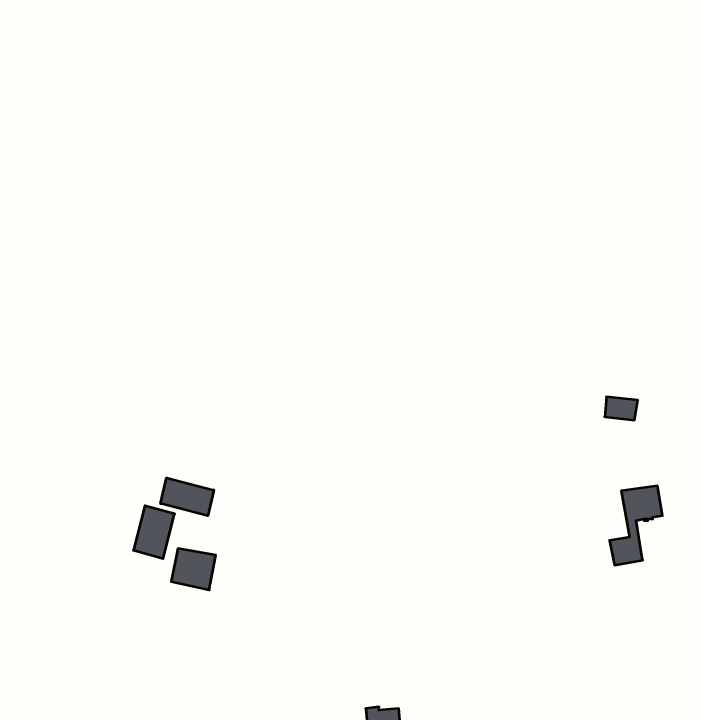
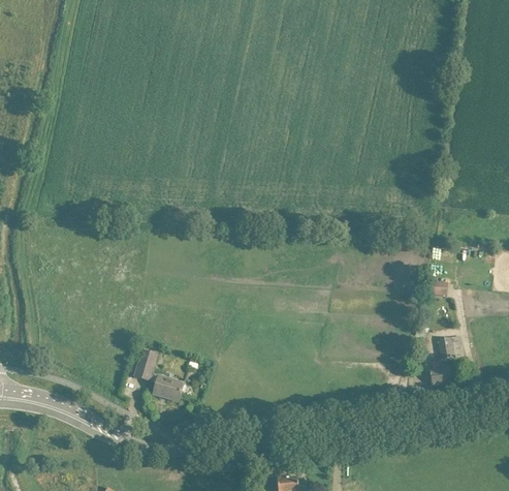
building: [161,478,214,516] -> none

